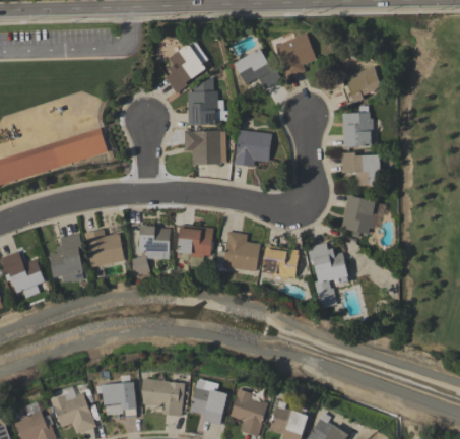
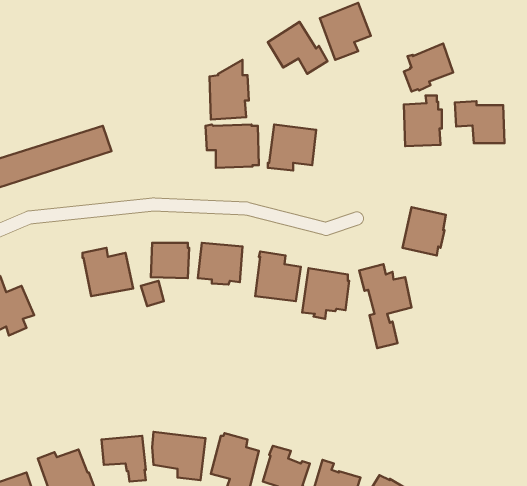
building: [165,44,208,93] -> none
building: [341,152,381,186] -> [455,101,504,143]
building: [50,234,84,283] -> none

